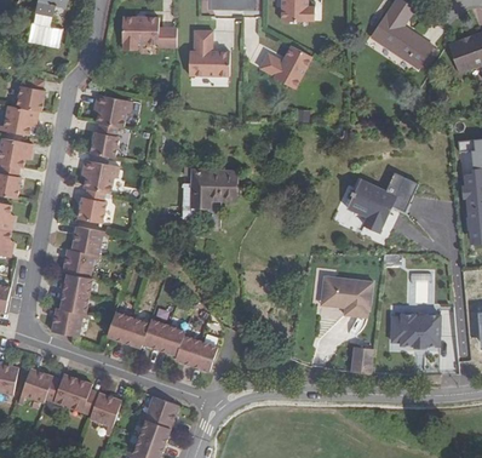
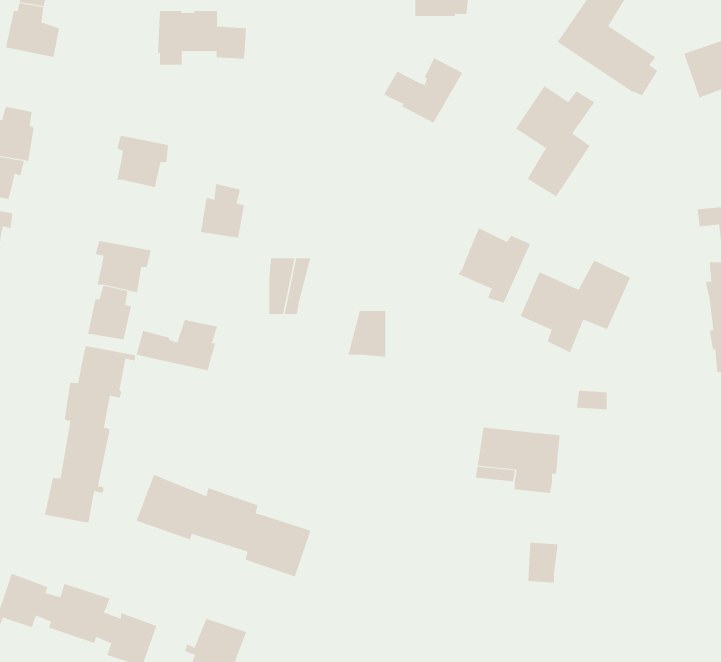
building: [189,30,229,75] -> none
building: none -> [515,85,595,197]
building: [90,122,117,156] -> [200,184,245,238]
building: none -> [458,228,531,304]
building: [210,171,234,200] -> [347,311,386,357]
building: none -> [136,319,218,371]
building: [389,303,437,345] -> none

